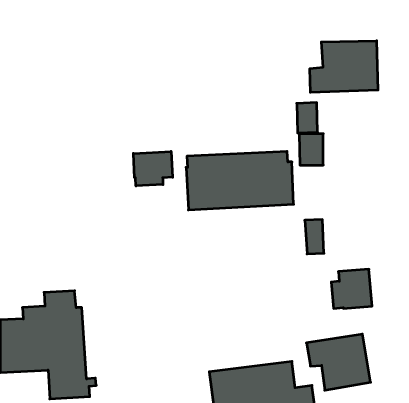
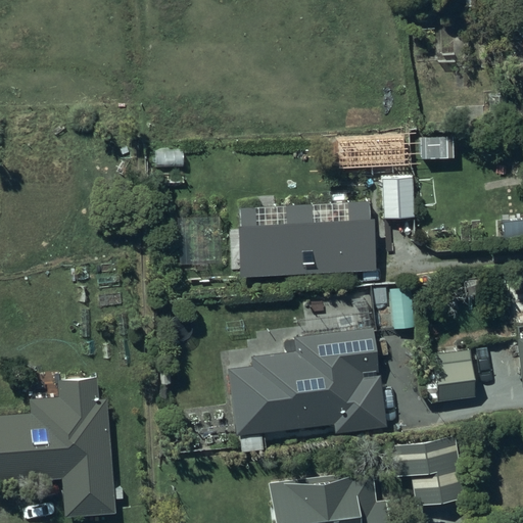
building: [310,41,378,92] -> none
building: [133,151,173,186] -> none
building: none -> [229,329,386,462]

